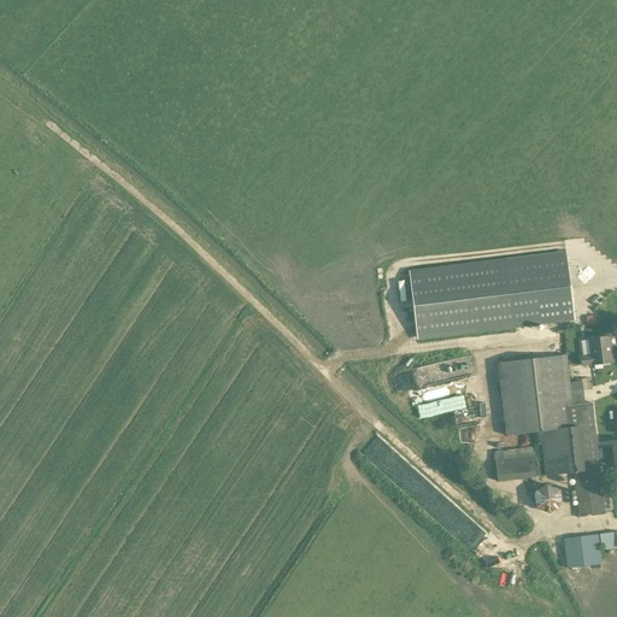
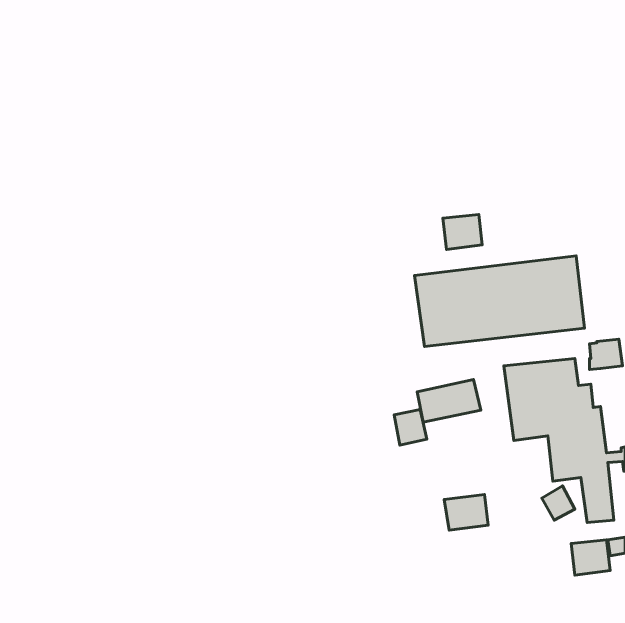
building: none -> [443,215,482,250]
building: none -> [394,410,427,445]
building: [493,445,536,480] -> [444,495,488,530]

